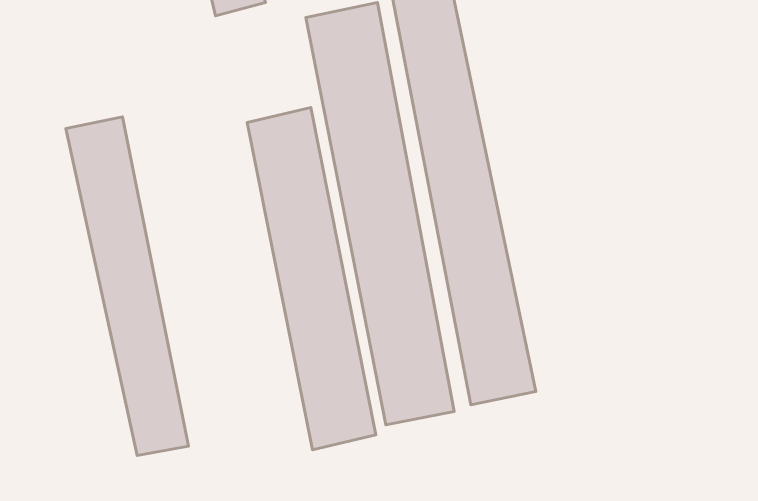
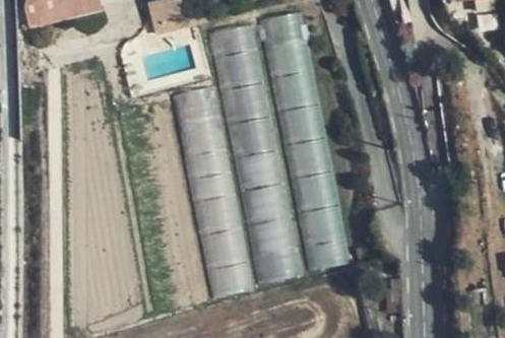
building: [66,117,189,456] -> none

